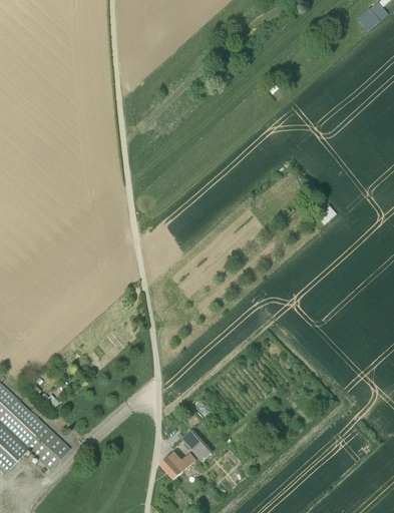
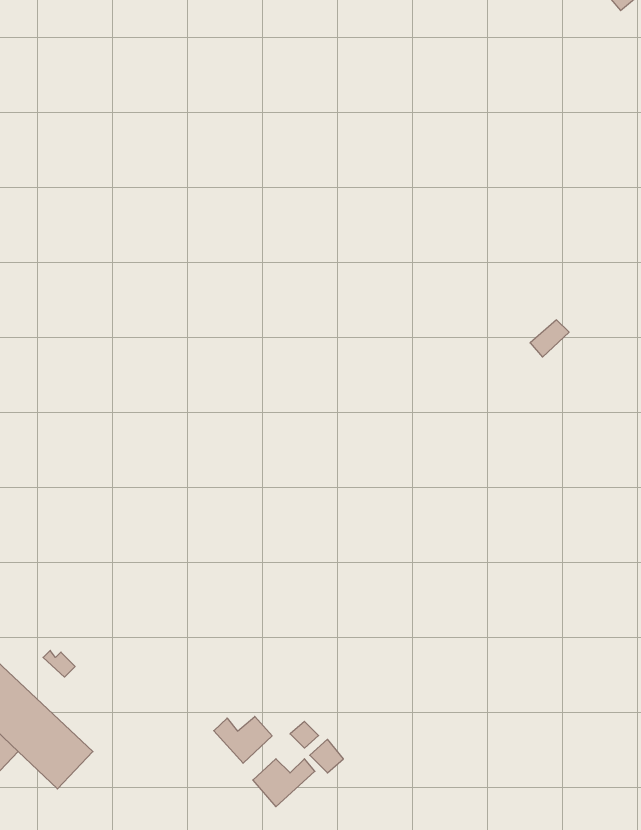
building: none -> [214,716,272,763]

